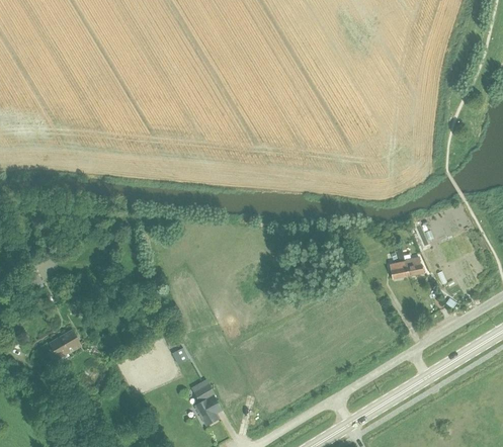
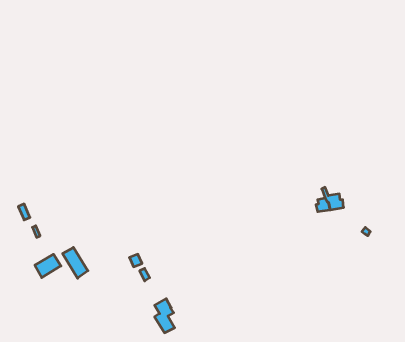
building: none -> [63,247,88,278]

